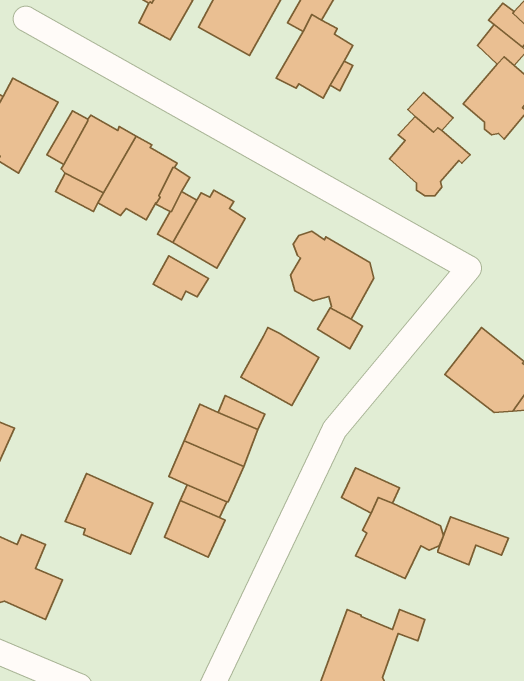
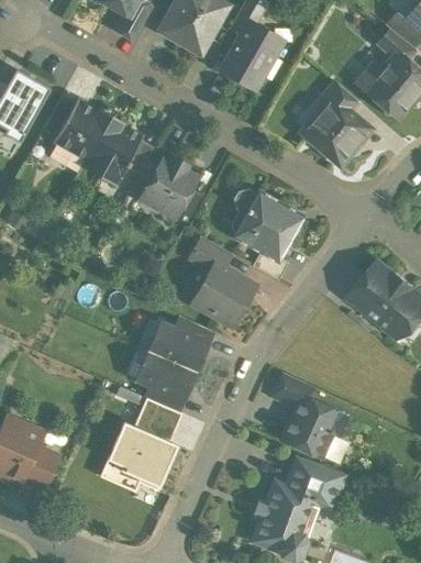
building: [153,256,208,300] -> [188,236,231,271]
building: [65,473,153,554] -> [108,422,176,485]
building: [438,517,509,565] -> [286,461,341,498]

